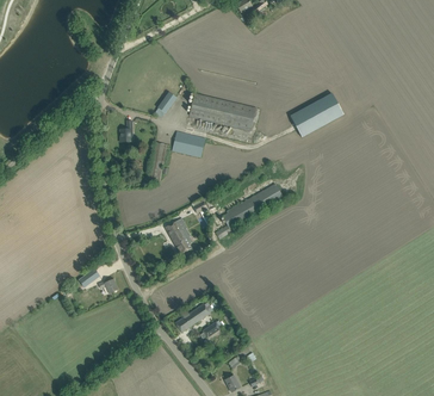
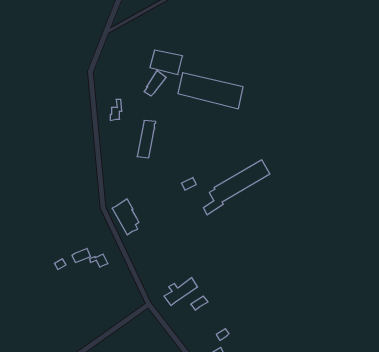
building: [290,93,343,136] -> none
building: [170,131,204,156] -> [150,50,183,75]
building: [165,217,192,254] -> [112,199,139,235]

